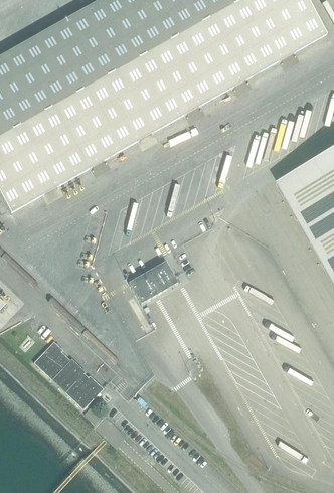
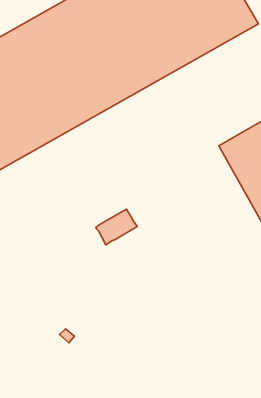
building: [35,339,105,407] -> none

